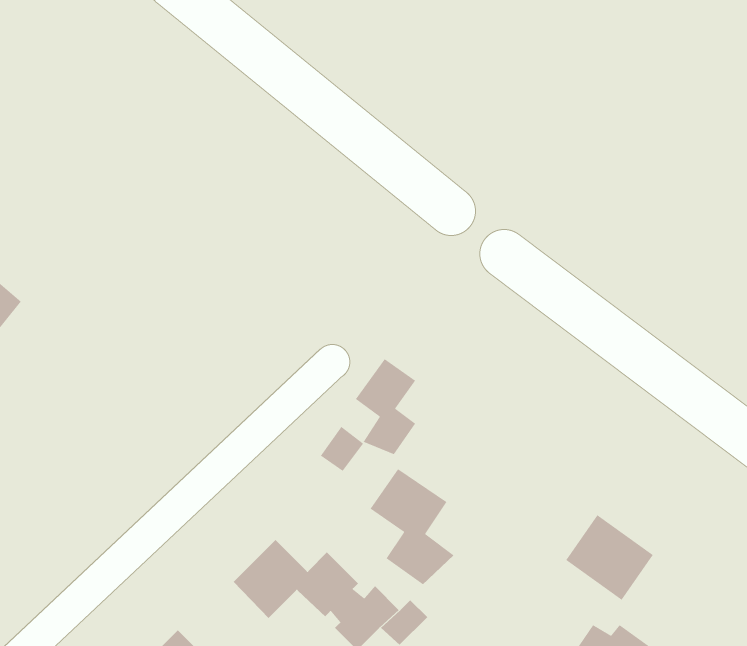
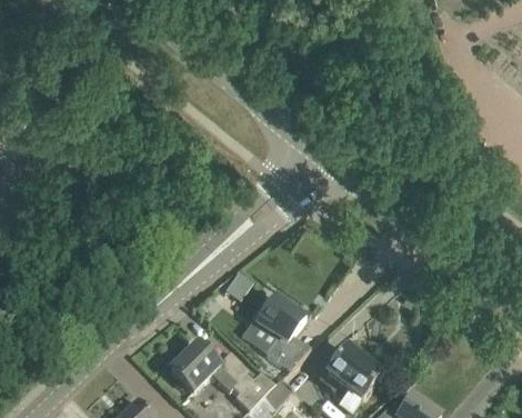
building: [355,358,416,455] -> none
building: [565,514,654,601] -> [324,346,380,400]

